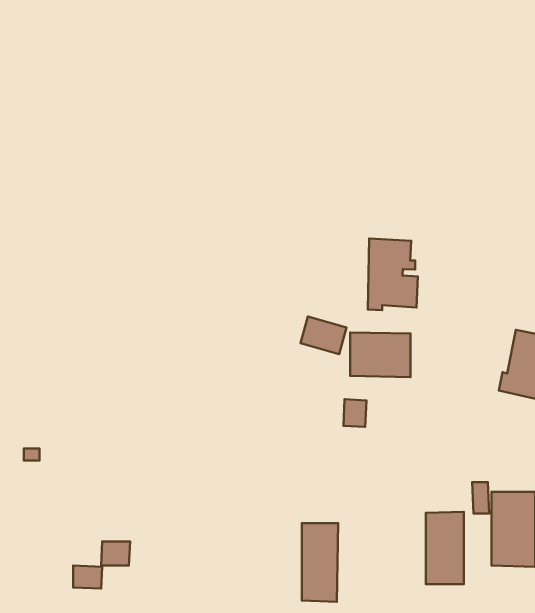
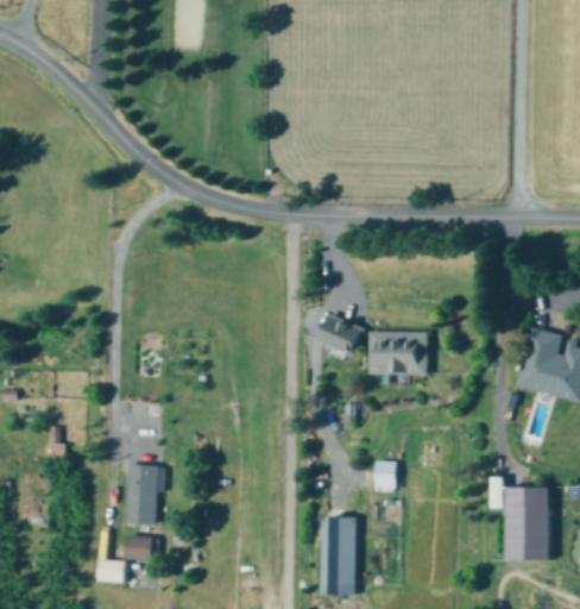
building: [368,239,418,310] -> none
building: [343,399,366,427] -> [374,462,397,489]
building: none -> [124,464,156,525]
building: [426,512,464,584] -> none

